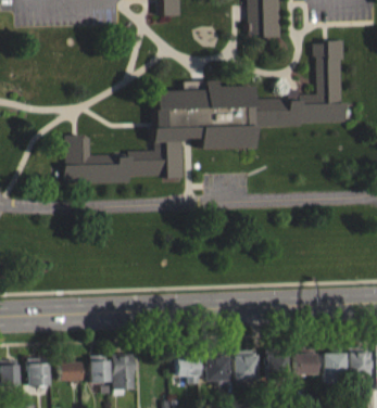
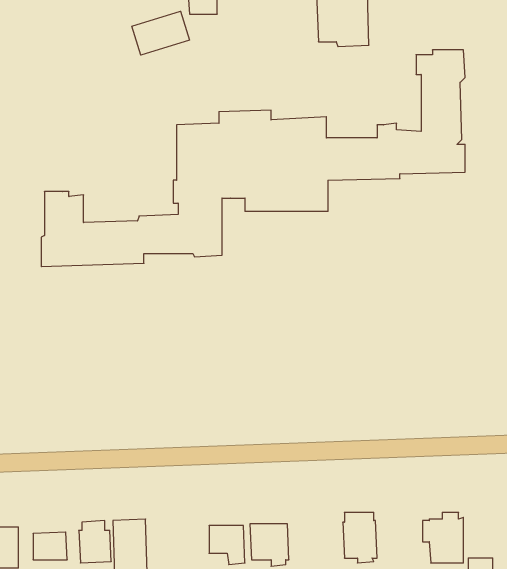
building: none -> [132,11,189,55]
building: [348,345,369,374] -> none
building: [293,347,317,374] -> none
building: [233,349,257,381] -> none

